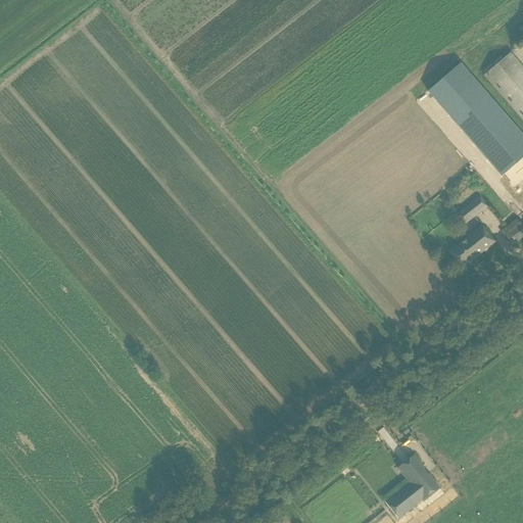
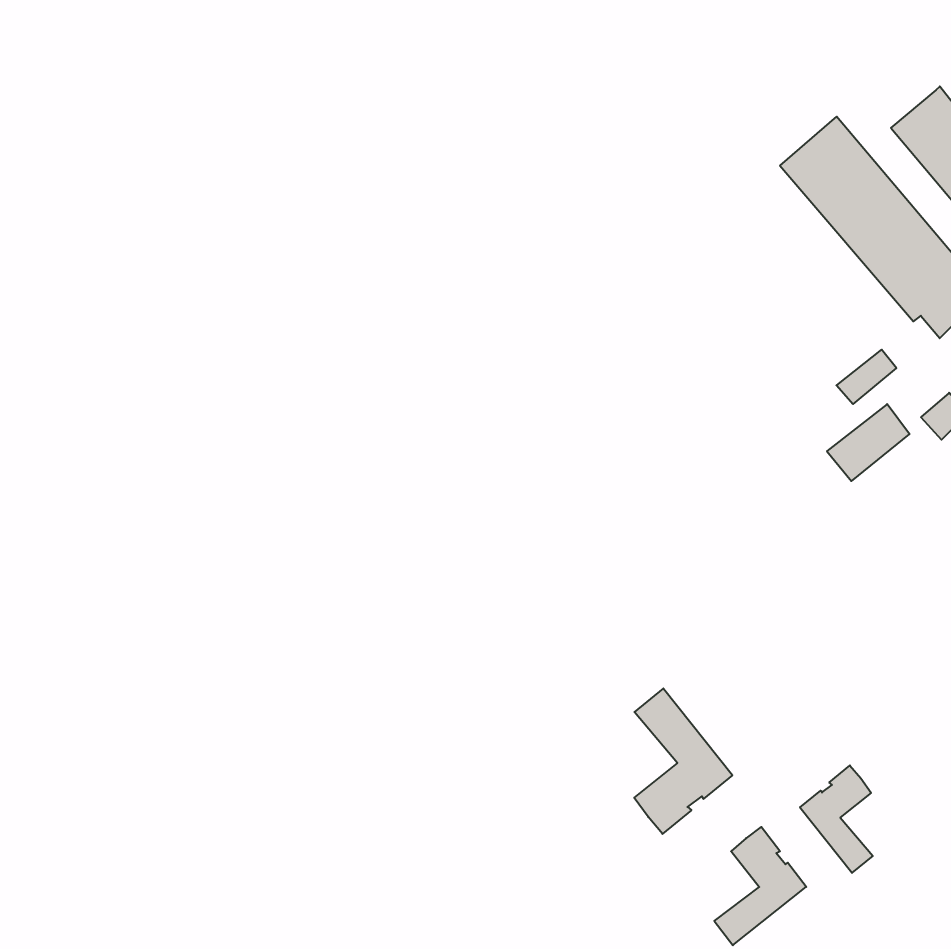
building: none -> [634,688,732,834]
building: none -> [800,765,873,873]

